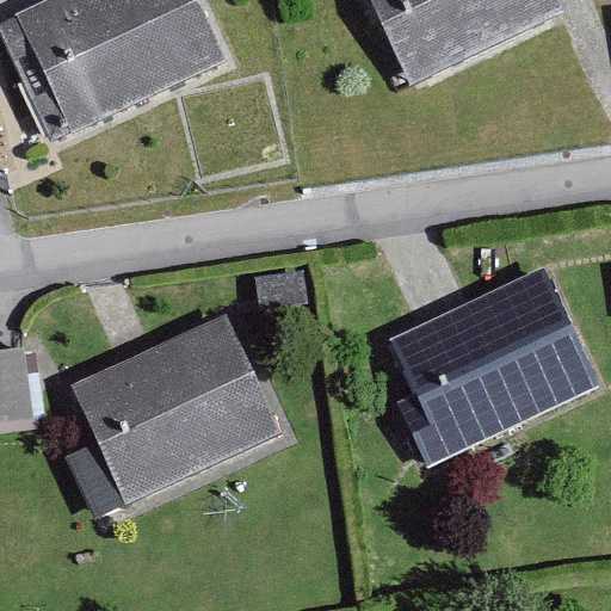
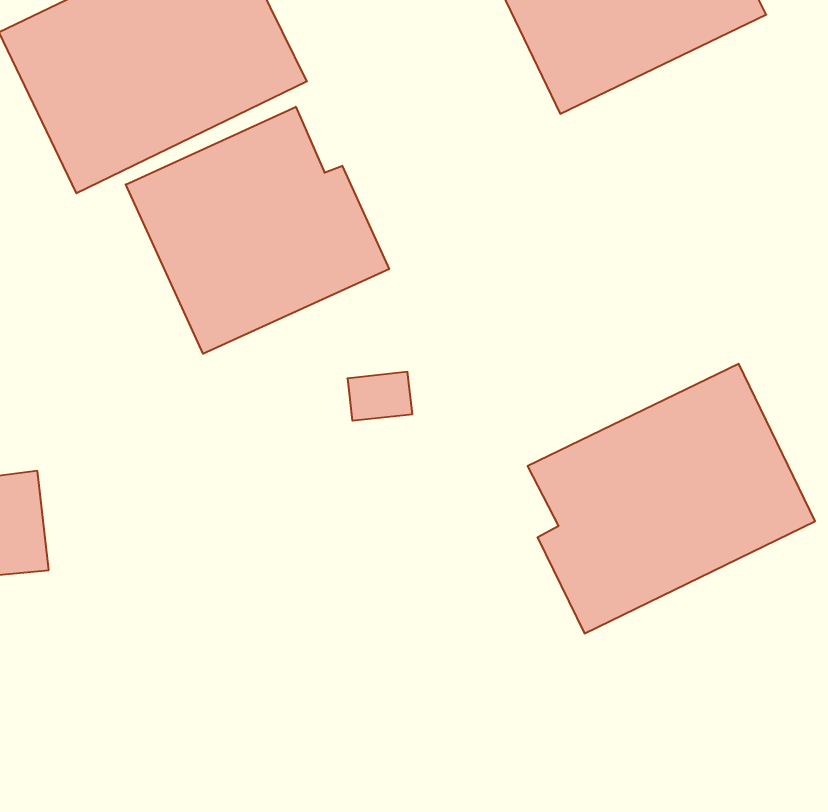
building: none -> [126,107,389,354]
building: [57,314,279,523] -> none

